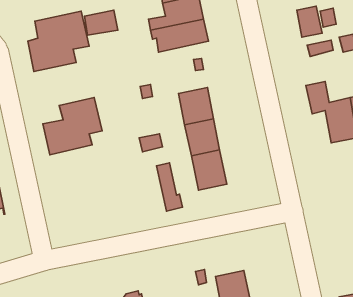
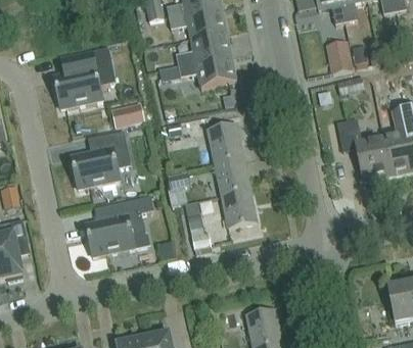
building: [85,10,118,35] -> [112,99,146,125]
building: none -> [86,197,154,258]

